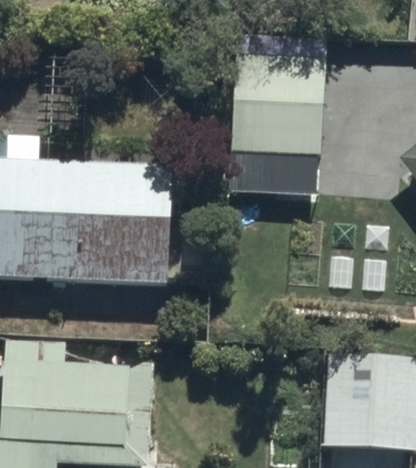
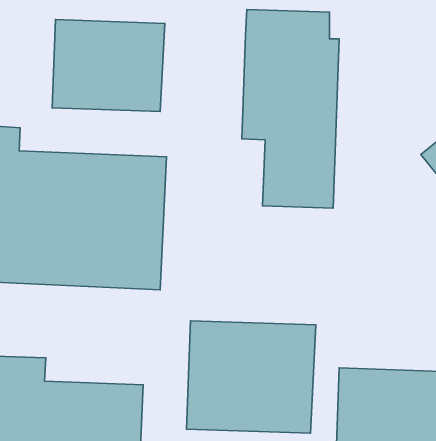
building: none -> [52,20,165,111]
building: none -> [187,321,316,433]

